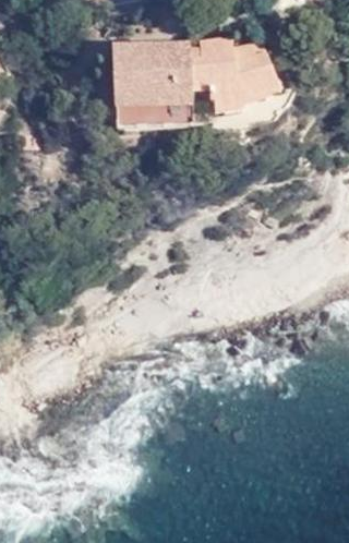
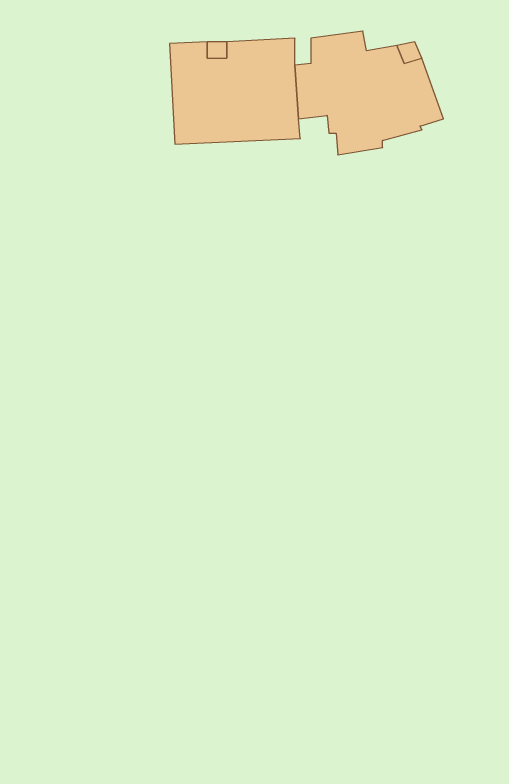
building: [117,101,194,128] -> none

